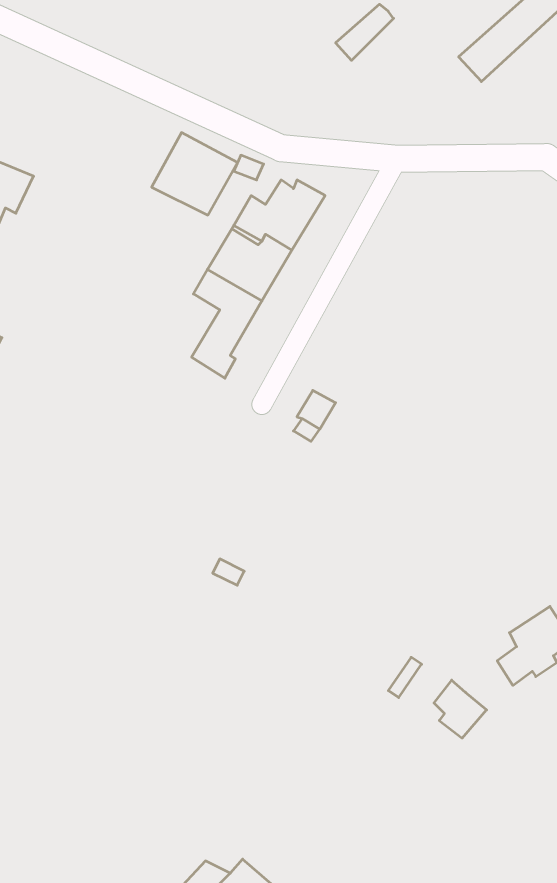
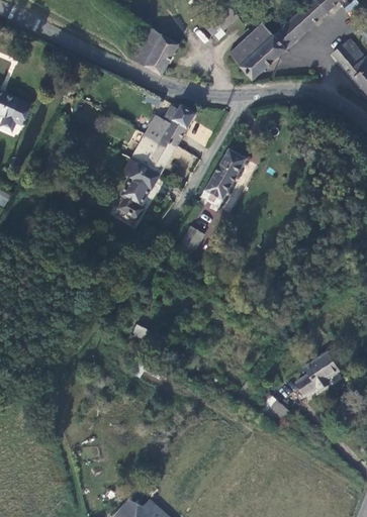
building: none -> [227,23,287,81]
building: [152,133,238,215] -> [128,28,178,76]
building: none -> [201,148,248,208]

